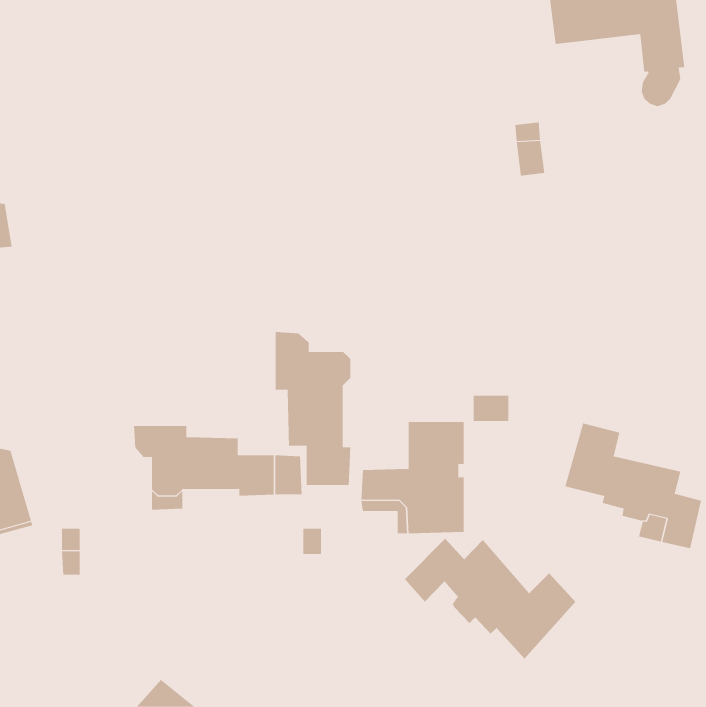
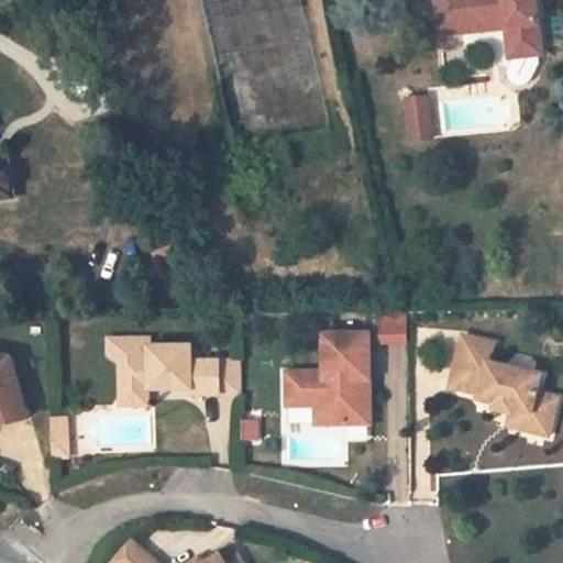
building: [275,331,351,486] -> none
building: [404,538,576,659] -> none

